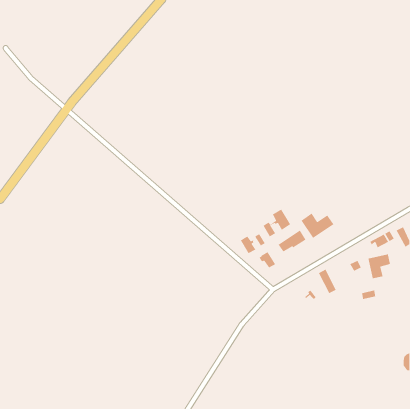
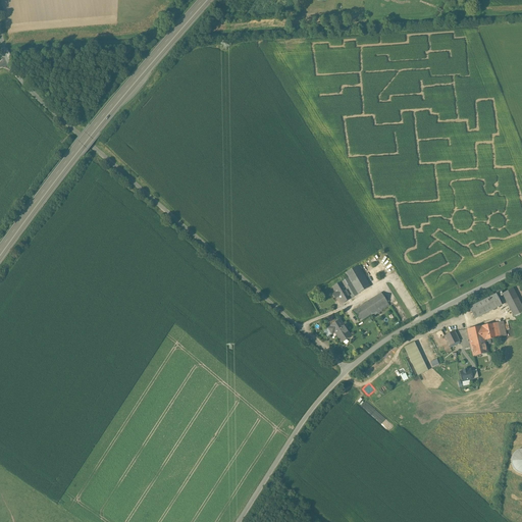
building: [300,213,334,239] -> none
building: [240,233,266,254] -> none

